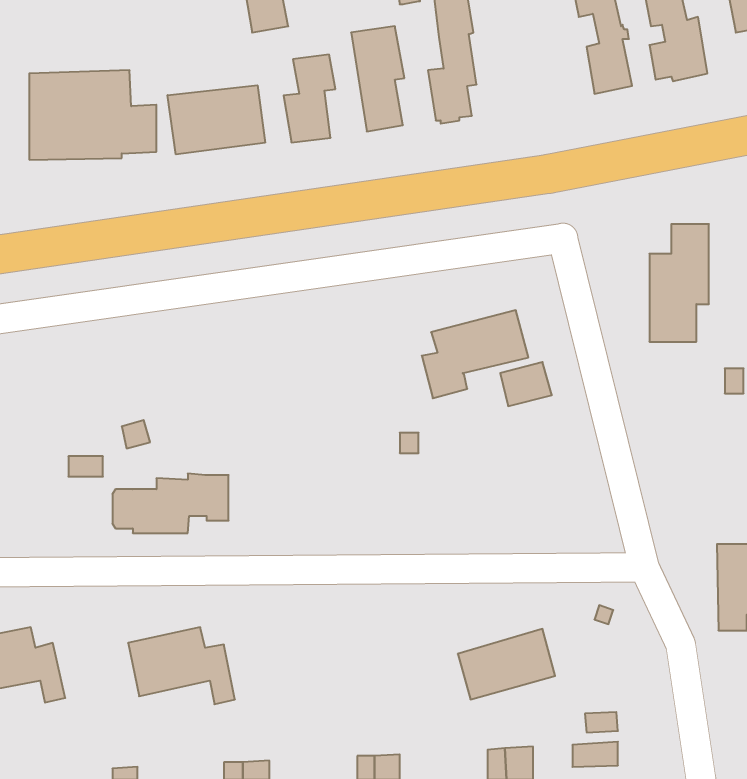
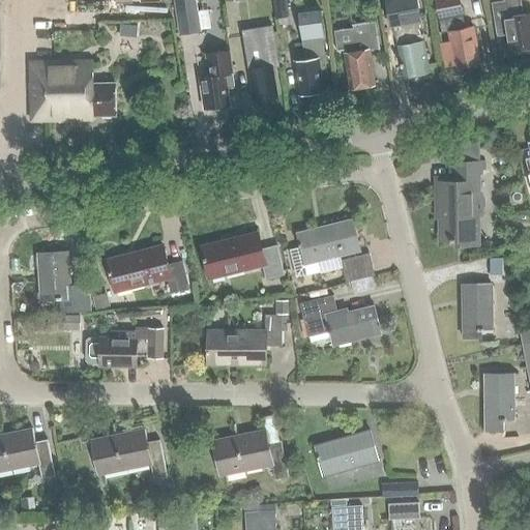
building: none -> [334,20,380,88]
building: [168,85,265,154] -> none
building: none -> [202,233,285,279]
building: none -> [107,246,188,292]
building: none -> [38,253,86,313]
building: none -> [462,284,492,337]
building: none -> [299,295,381,345]
building: none -> [207,316,282,363]
building: none -> [217,430,288,479]

